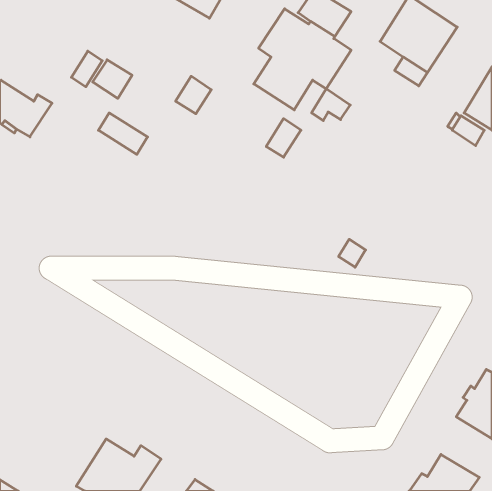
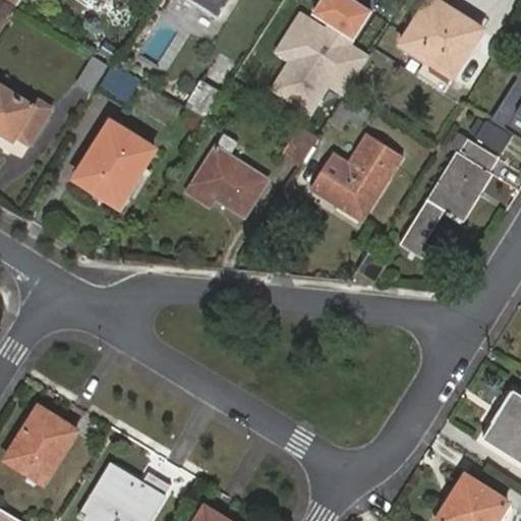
building: none -> [186,134,268,217]
building: none -> [310,135,398,219]
building: none -> [77,137,144,205]
building: none -> [401,139,500,255]
building: none -> [6,412,77,482]

